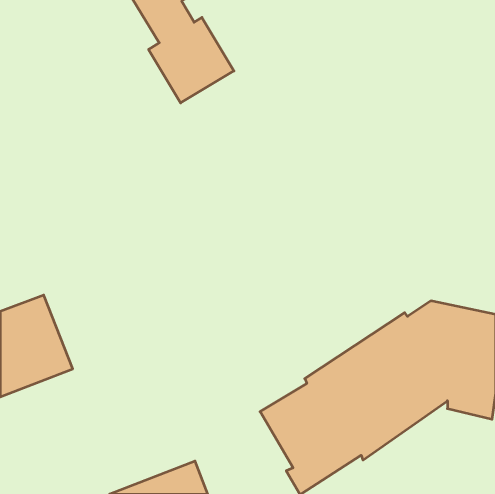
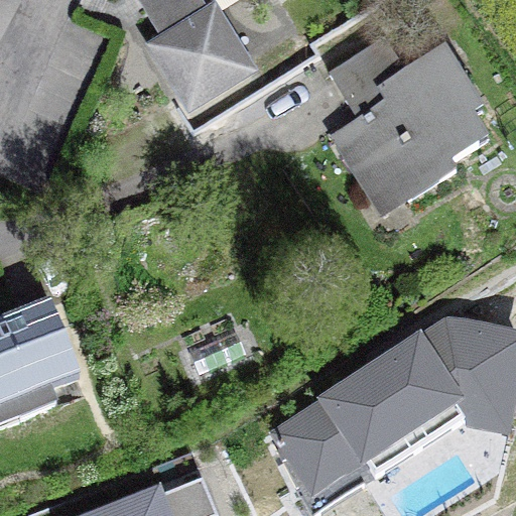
building: none -> [328,43,486,204]

